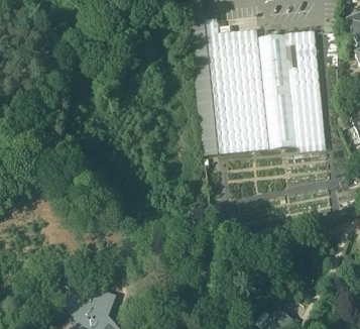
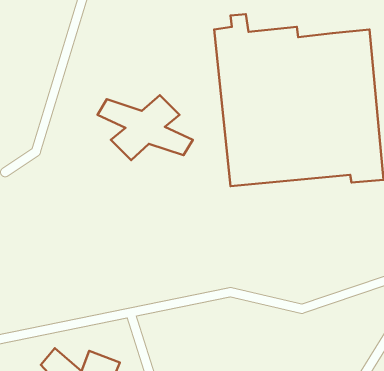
building: none -> [98,95,193,160]

